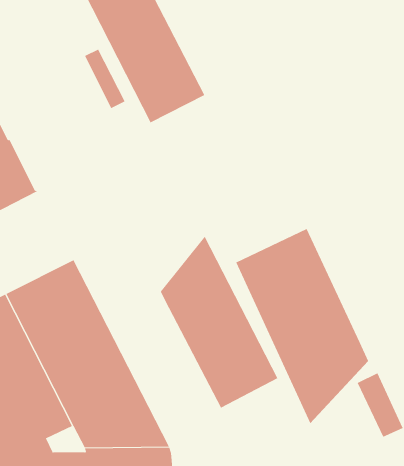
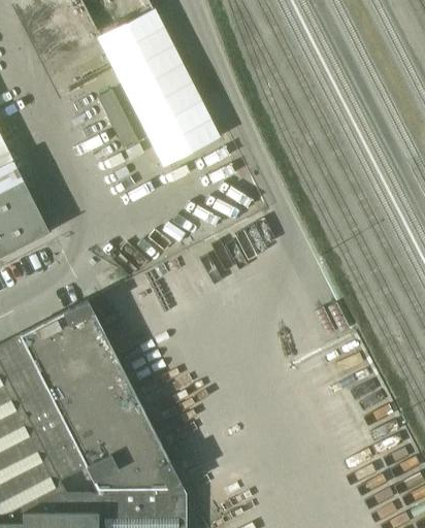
building: [235,228,369,424] -> none
building: [160,236,278,409] -> none

